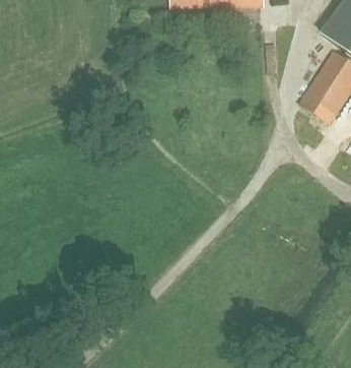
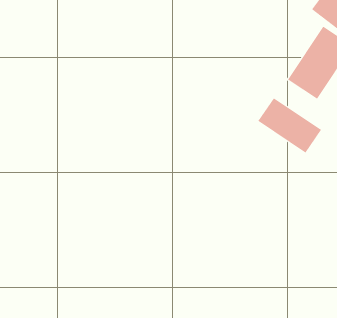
building: none -> [258,97,322,153]

